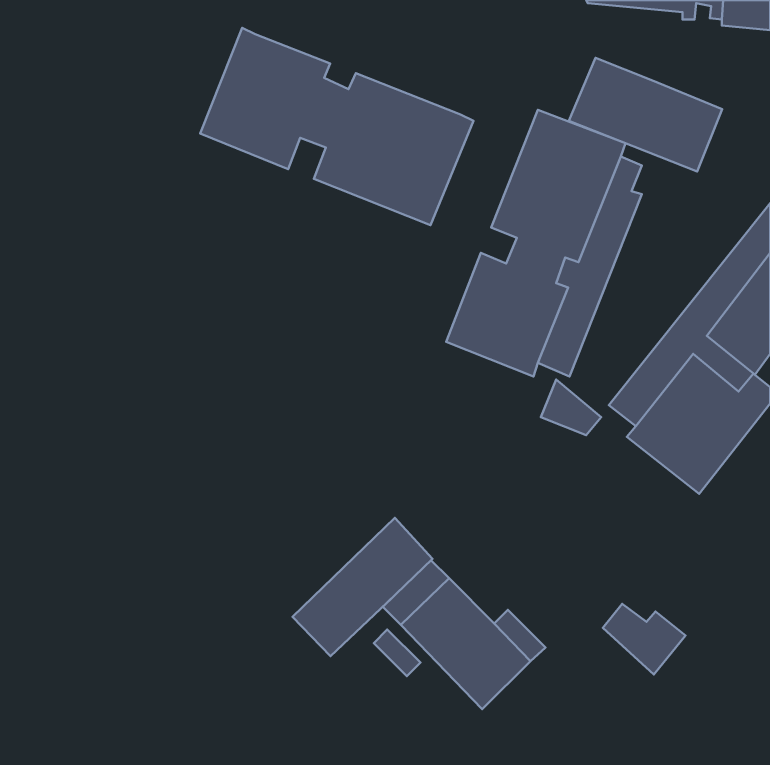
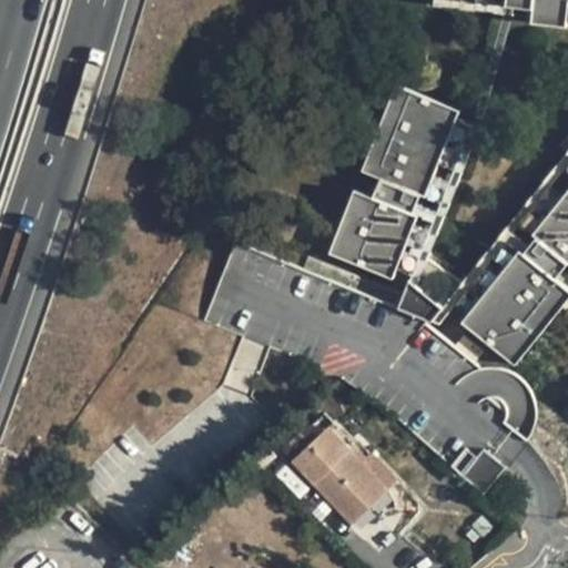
building: [200,28,473,225] -> none
building: [569,58,722,172] -> none
building: [293,518,432,656] -> none

